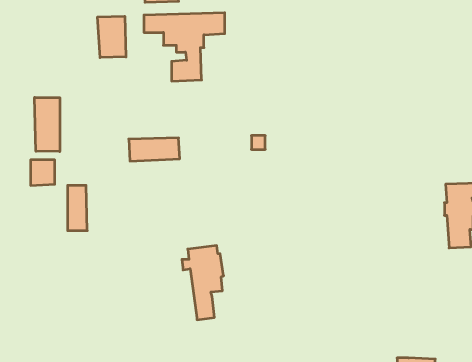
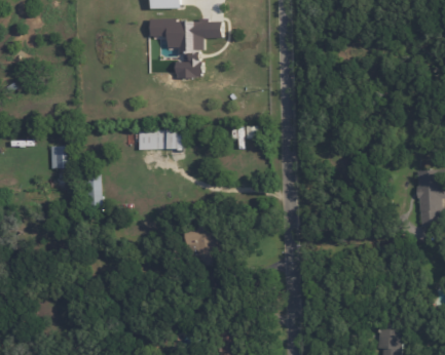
building: [98,16,126,58] -> none
building: [35,97,60,152] -> none

